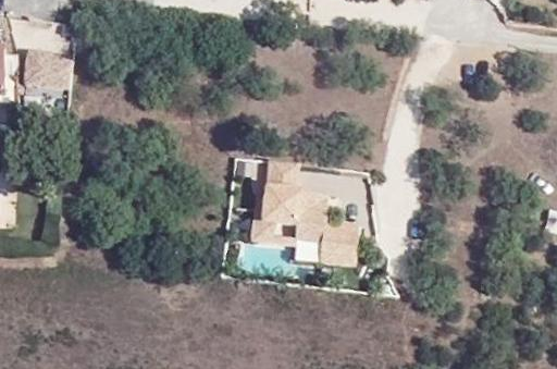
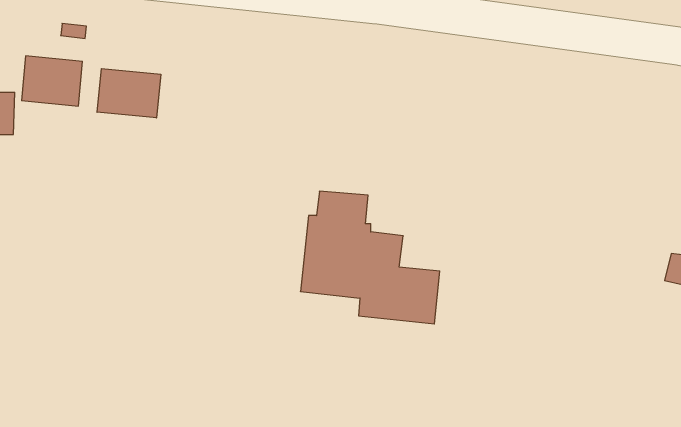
building: none -> [97,69,161,118]

